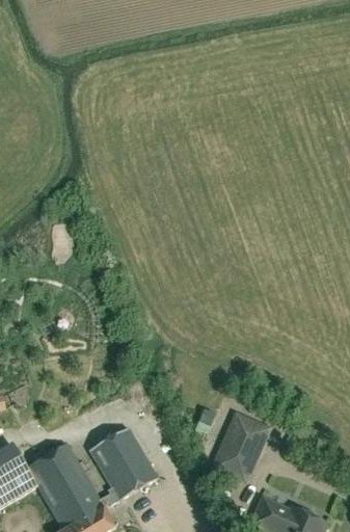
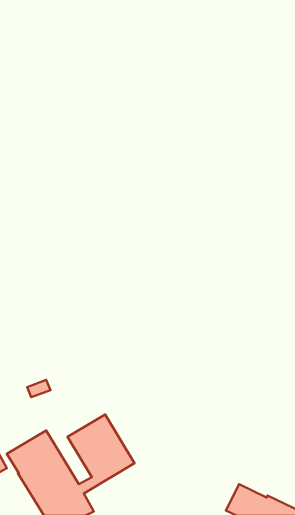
building: [212,415,261,486] -> none

